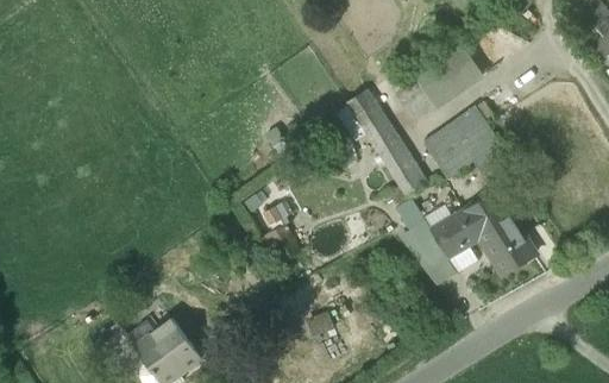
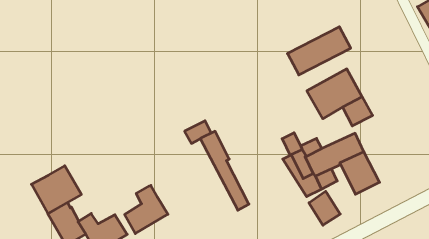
building: [349,89,422,193] -> [200,131,249,210]
building: none -> [31,166,81,214]
building: none -> [309,191,340,225]
building: none -> [125,185,168,234]

